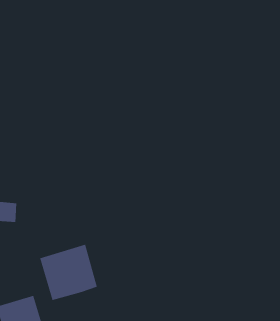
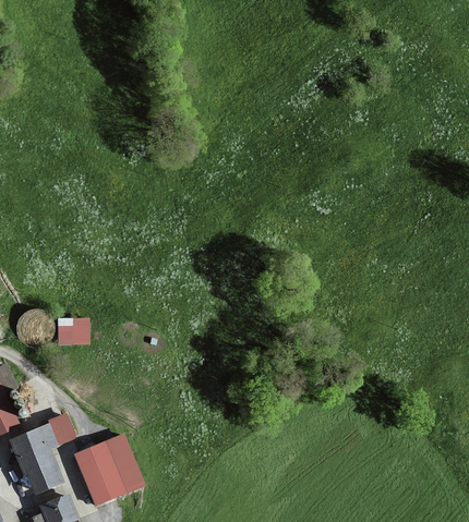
building: [39,244,98,301] -> none

